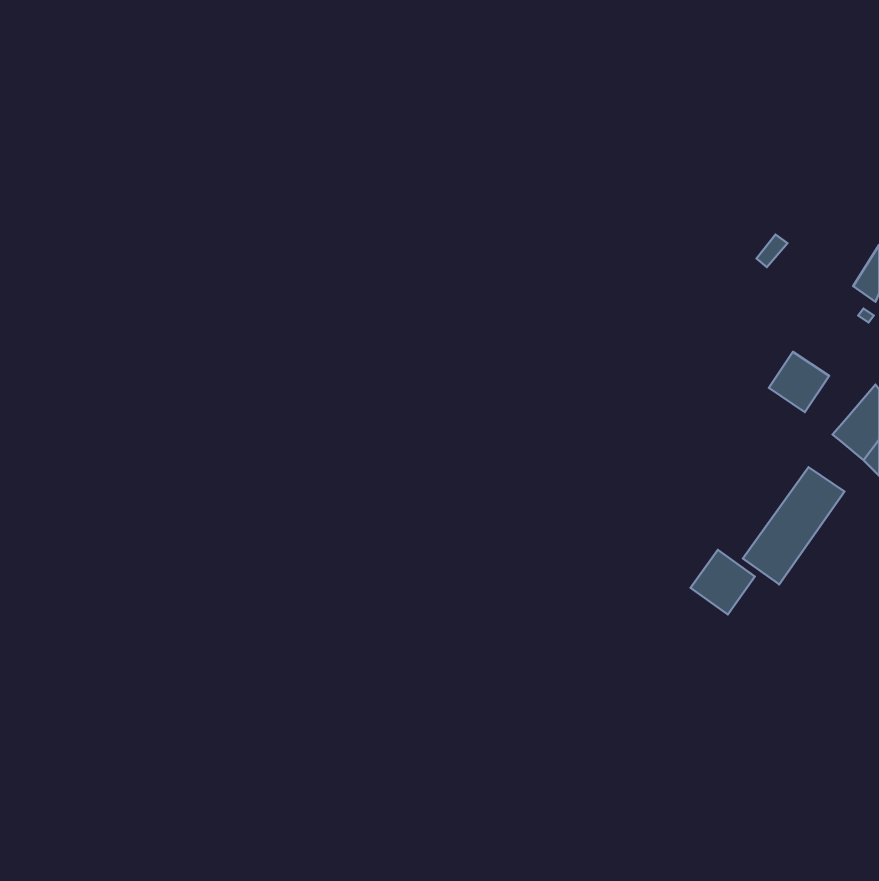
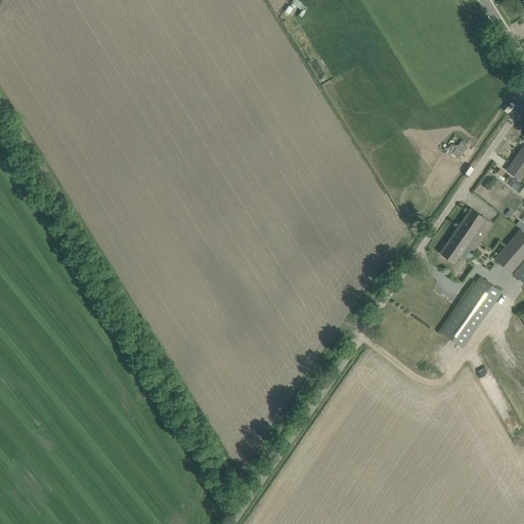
building: none -> [440,230,478,263]
building: [691,550,755,615] -> none

